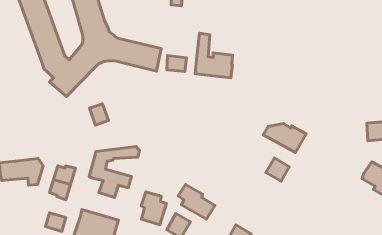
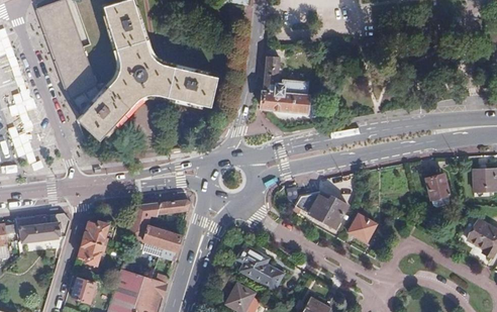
building: [167,56,187,72] -> none
building: [90,104,109,125] -> none
building: [263,123,306,152] -> [295,192,349,228]
building: none -> [425,173,449,198]
building: [141,192,166,225] -> none

